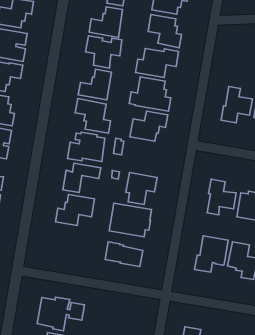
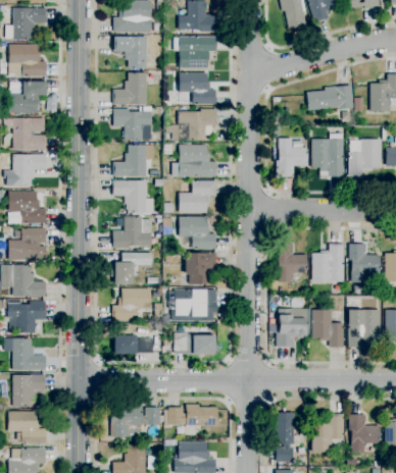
building: none -> [179,217,216,249]
building: none -> [113,326,153,355]
building: none -> [168,405,218,426]

